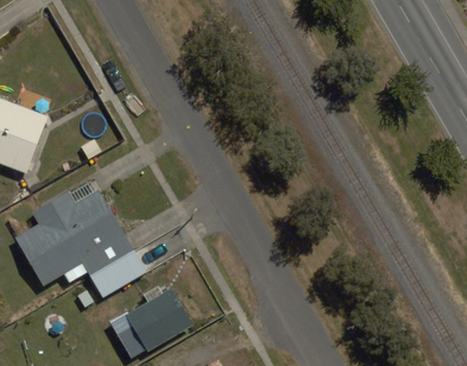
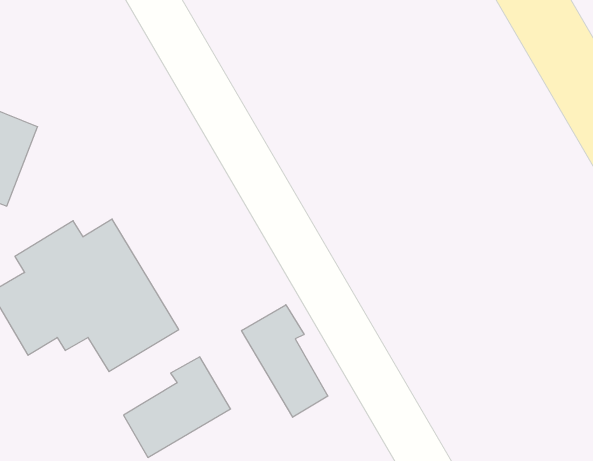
building: none -> [242,305,328,417]

